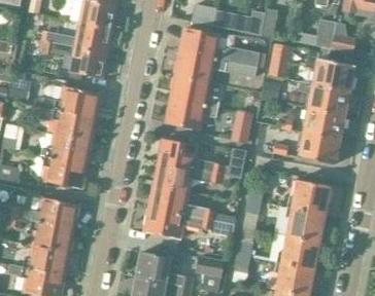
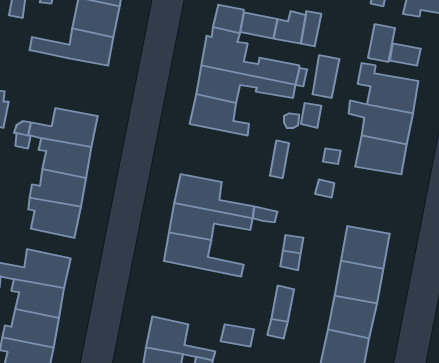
building: [41,40,106,78] -> none
building: [167,99,217,128] -> none
building: [299,133,340,164] -> none
building: [145,208,232,238] -> none

